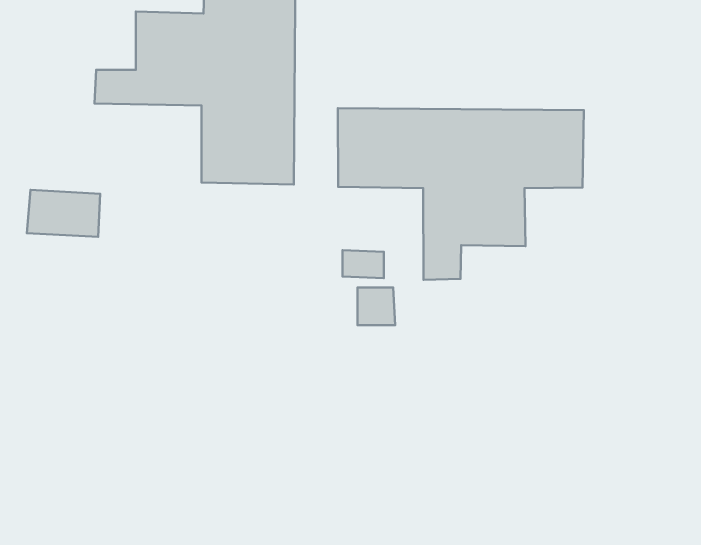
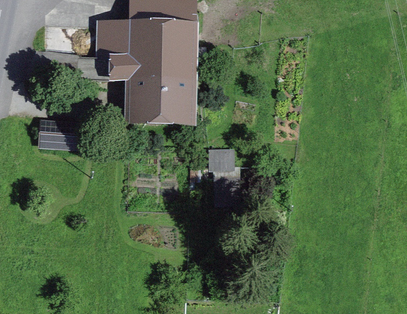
building: [338,108,584,280] -> none

